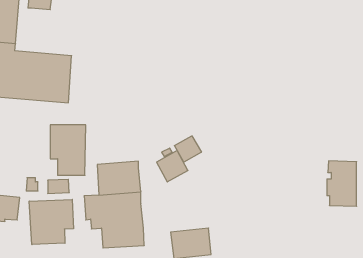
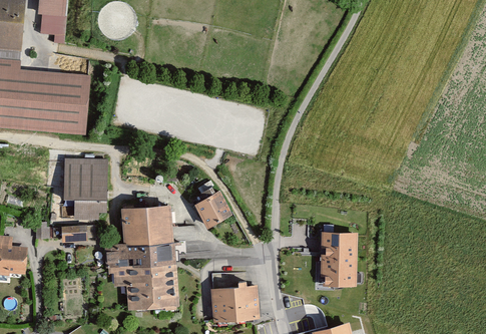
building: none -> [40,16,66,46]
building: [174,136,201,162] -> none
building: [327,161,357,206] -> [320,235,356,290]
building: [29,199,73,245] -> none

